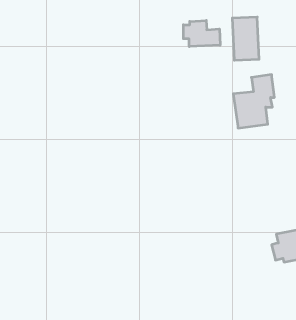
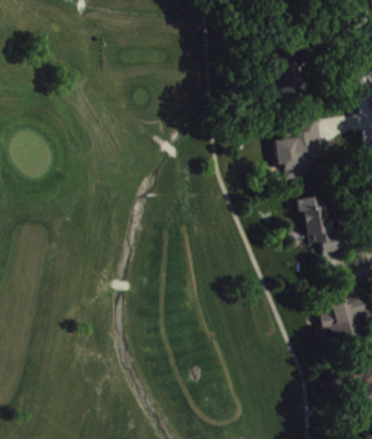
building: [183,20,220,47] -> none
building: none -> [301,195,341,253]

